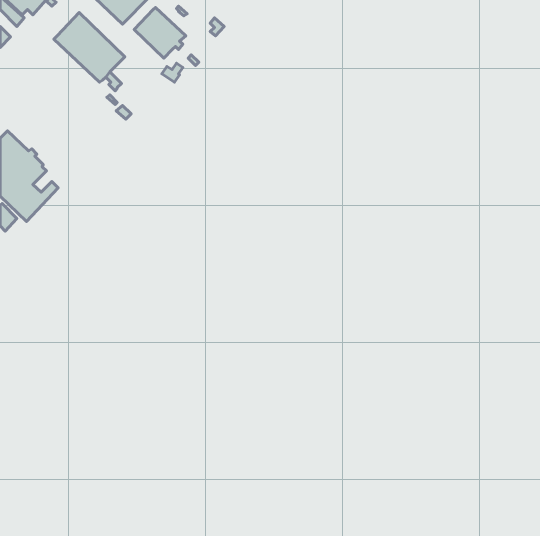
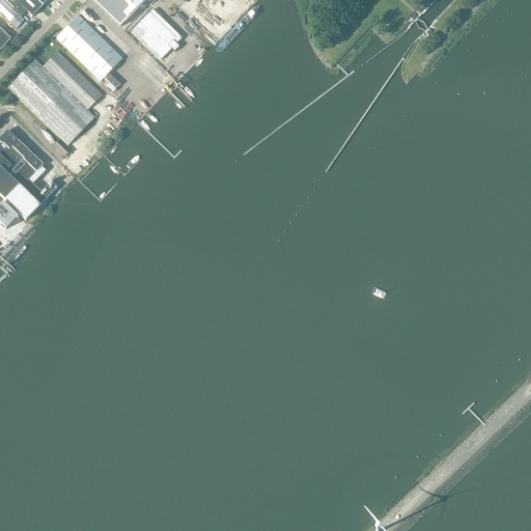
building: none -> [7,50,102,155]

